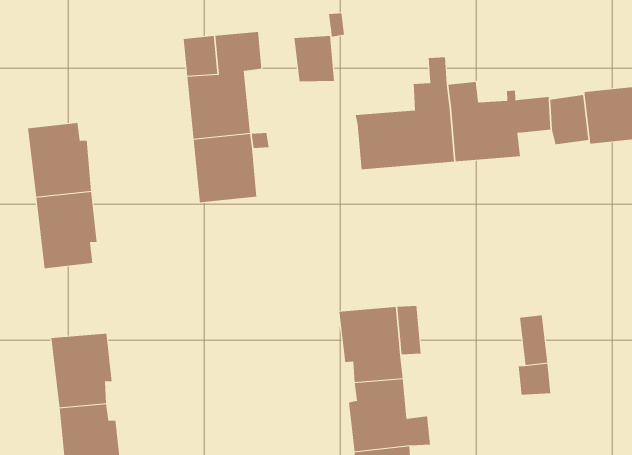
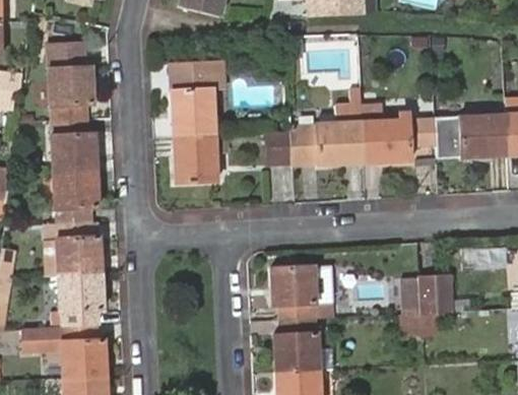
building: none -> [48,44,92,120]
building: [294,36,335,82] -> [265,131,294,164]
building: none -> [47,221,101,274]
building: none -> [420,276,452,314]
building: none -> [26,326,63,349]

